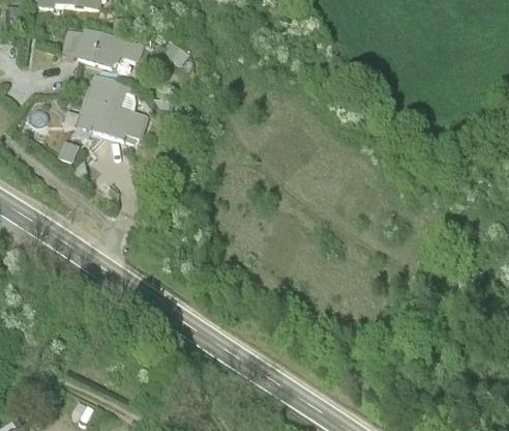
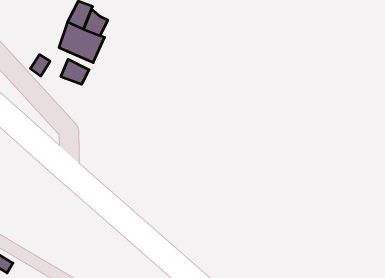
building: none -> [61,59,89,84]

